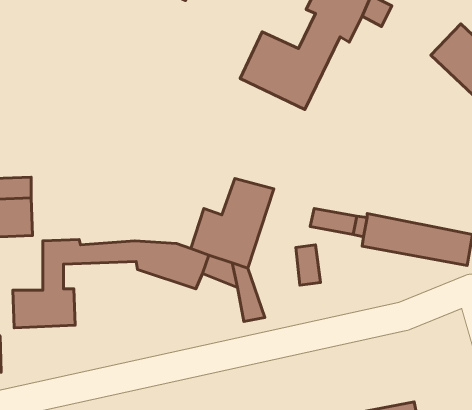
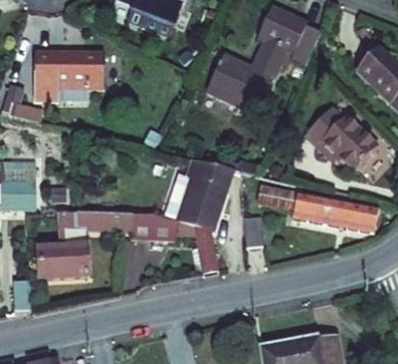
building: none -> [27,45,101,96]
building: none -> [309,109,378,166]

